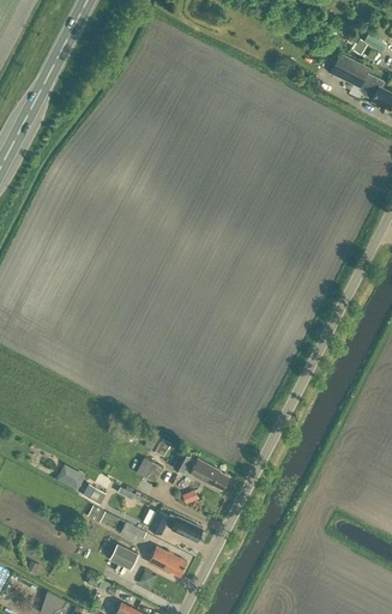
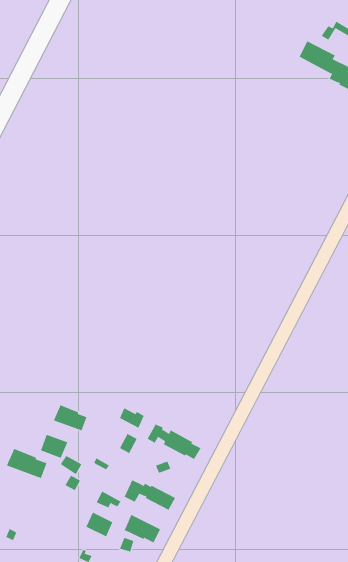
building: none -> [53,405,87,431]
building: none -> [6,448,47,479]

